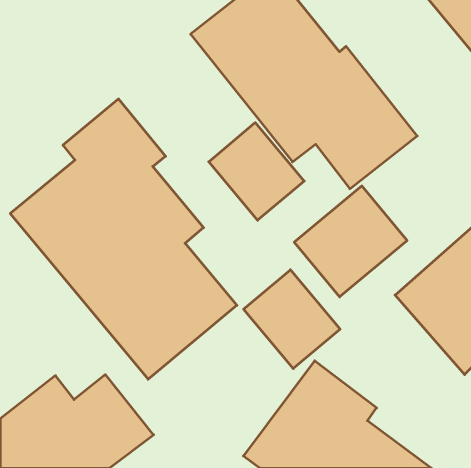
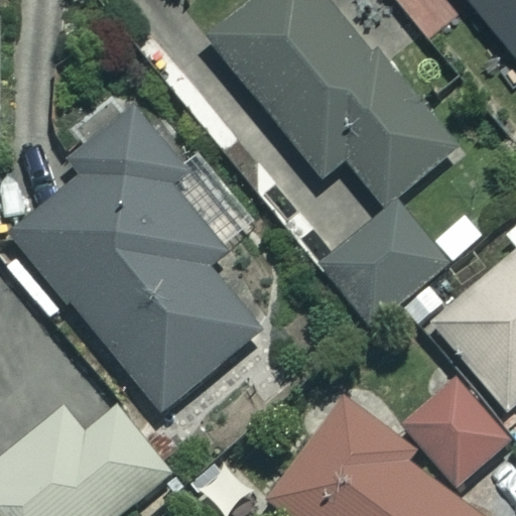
building: [209,123,304,220] -> none
building: [244,270,340,369] -> none
building: none -> [400,377,508,485]

